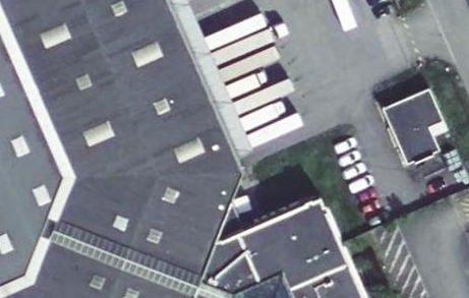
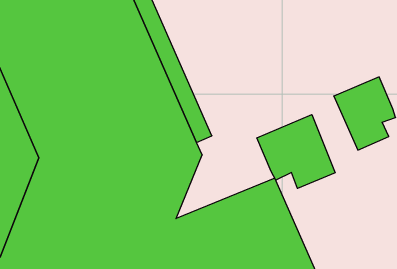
building: none -> [257,115,335,188]

